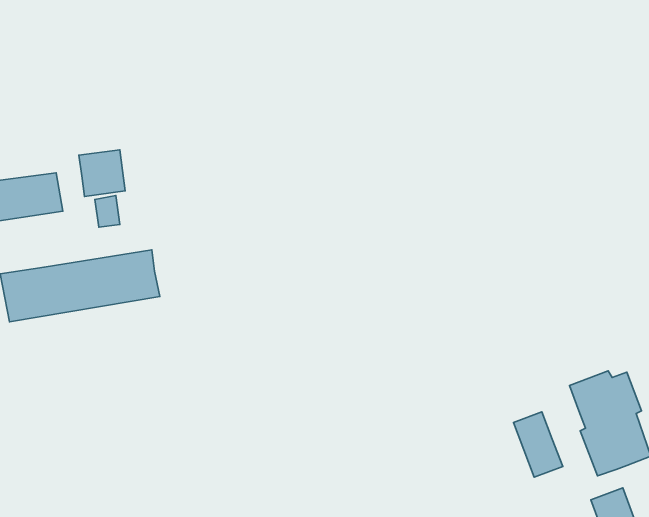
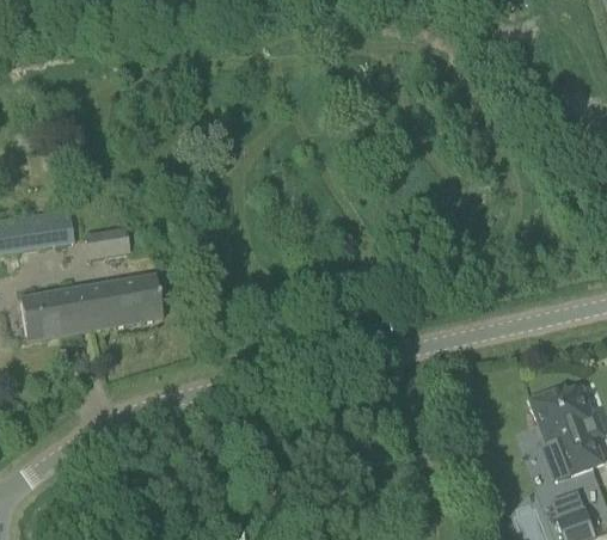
building: [79,150,125,196] -> none
building: [513,412,563,477] -> none

